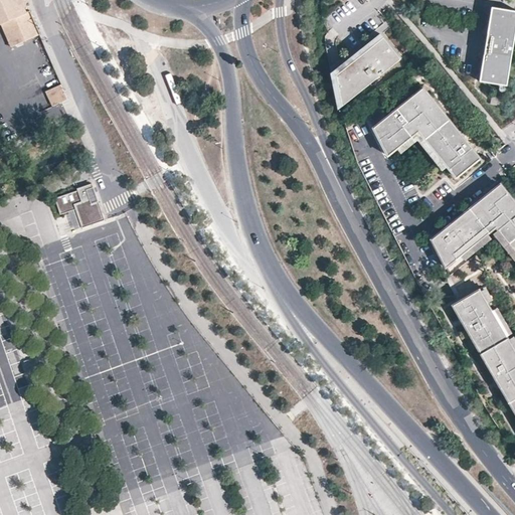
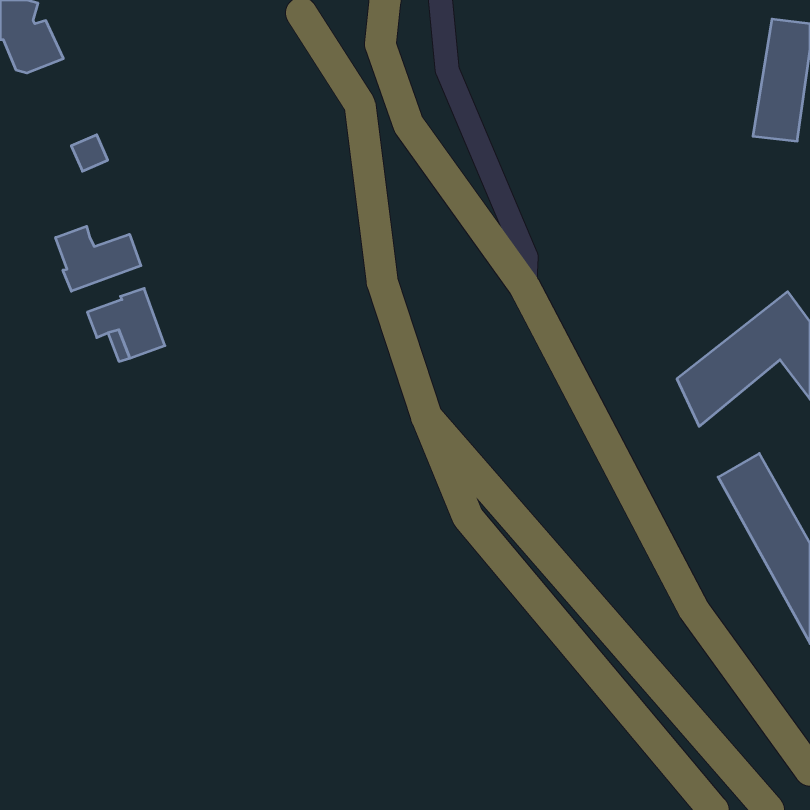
building: [330,34,399,111] -> none
building: [370,88,477,180] -> none
building: none -> [56,226,141,291]

